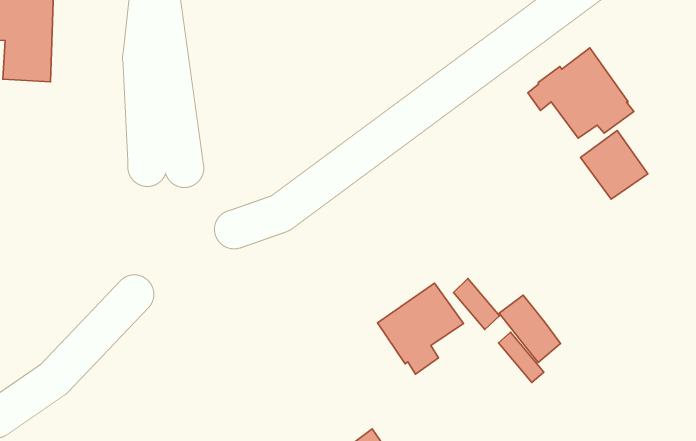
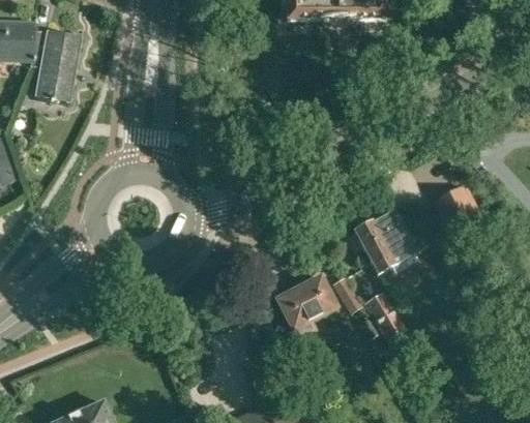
building: [528,48,634,138] -> [345,212,417,274]

